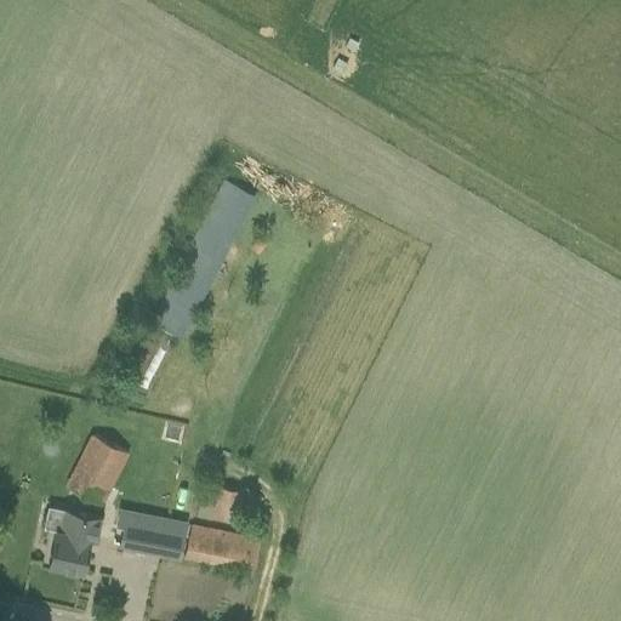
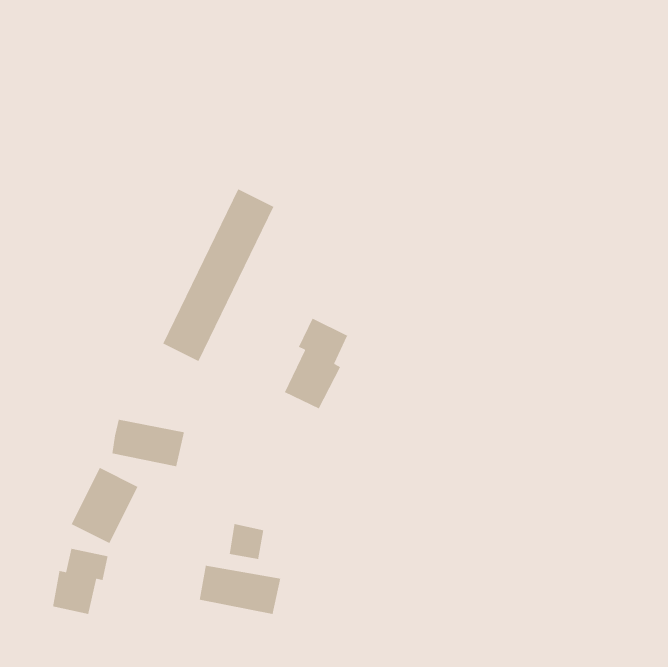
building: none -> [284,318,348,410]
building: [119,511,187,556] -> [112,419,185,467]

